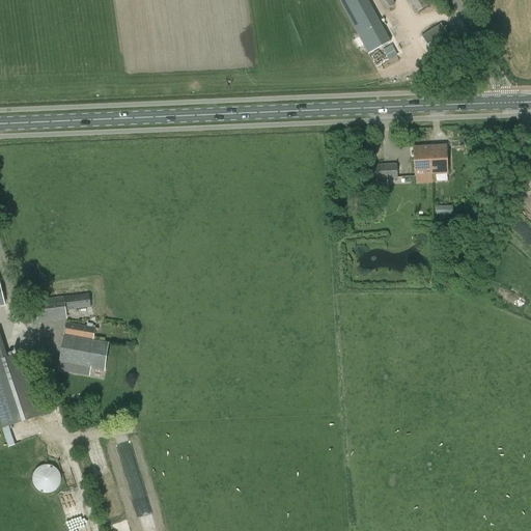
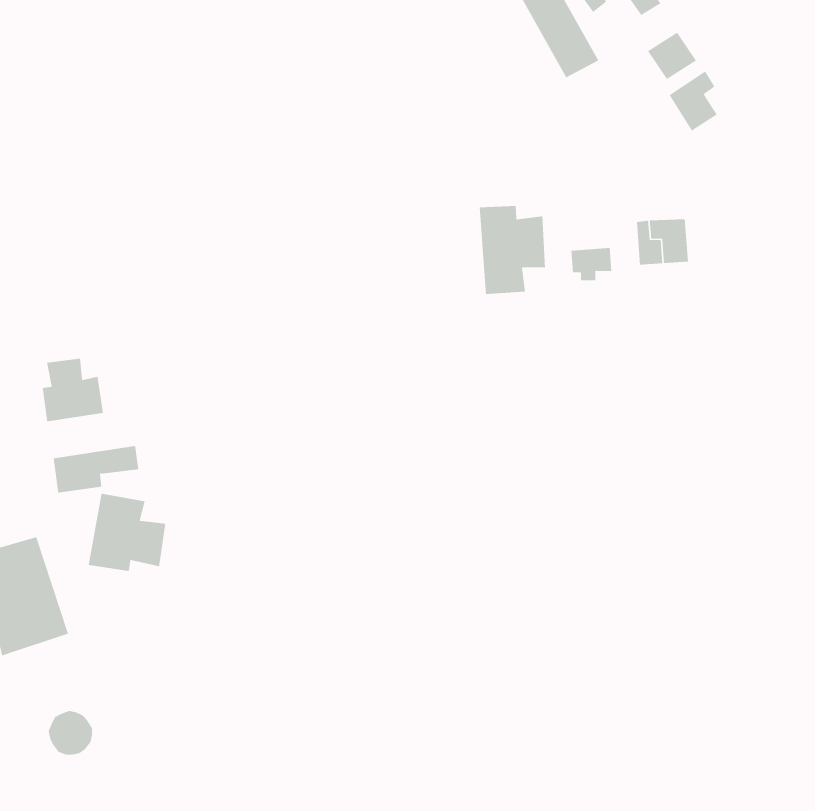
building: none -> [669,70,718,131]
building: none -> [479,205,545,295]
building: none -> [42,358,104,422]

